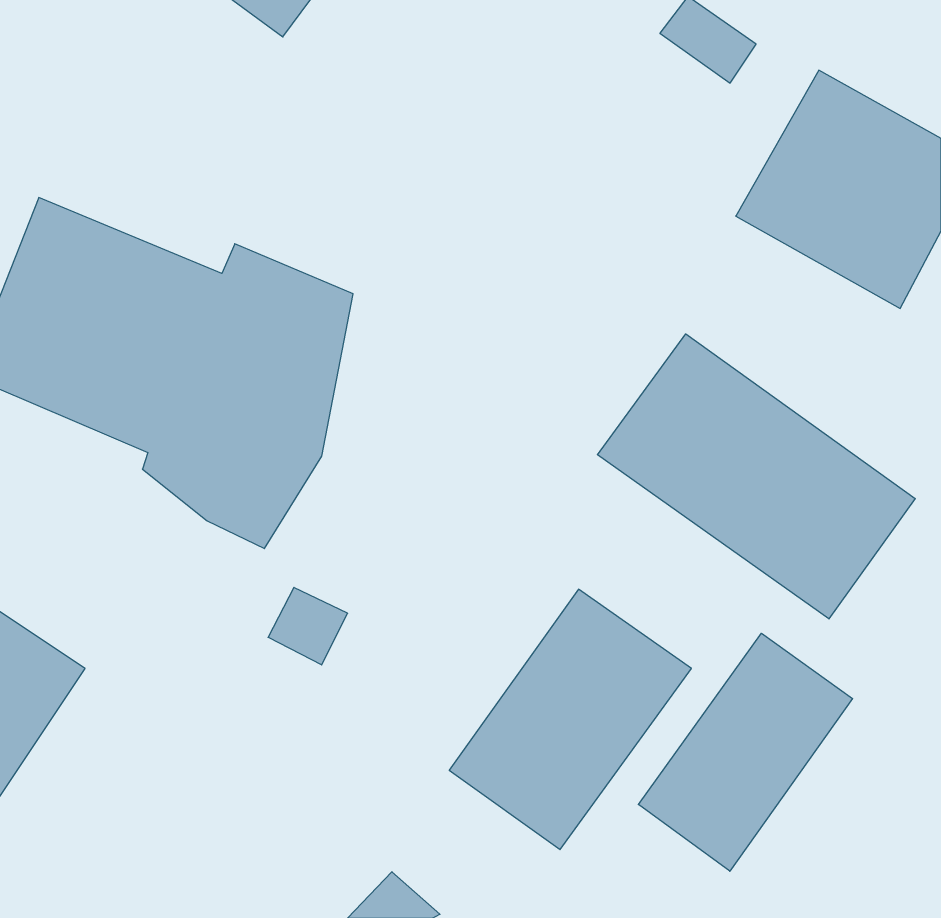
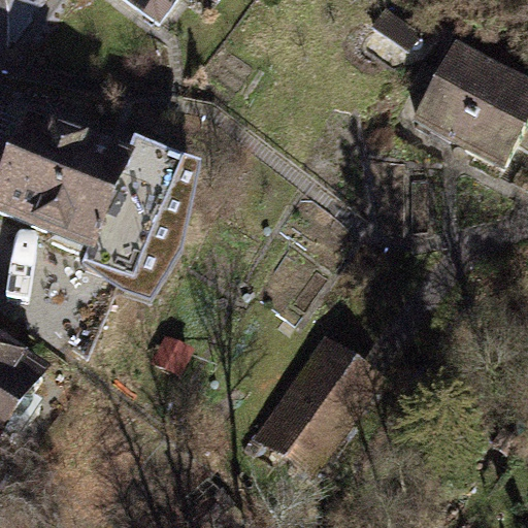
building: [597,334,915,619] -> none
building: [638,633,853,871] -> none

